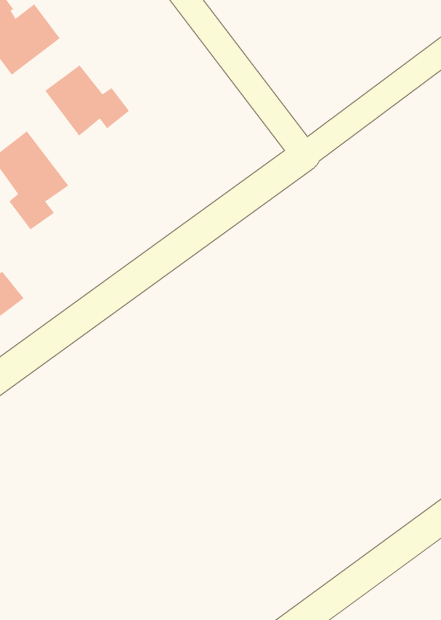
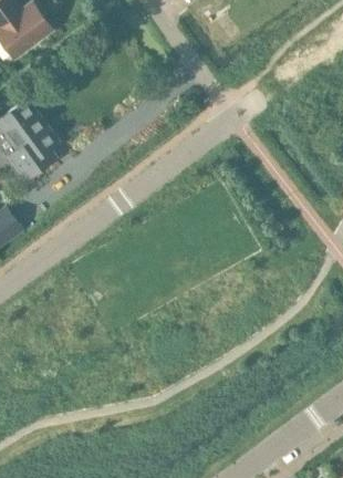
building: [45,64,130,137] -> none

